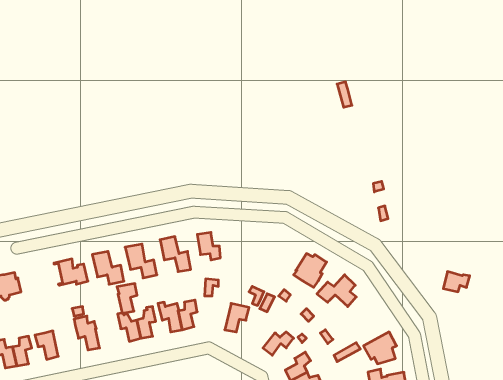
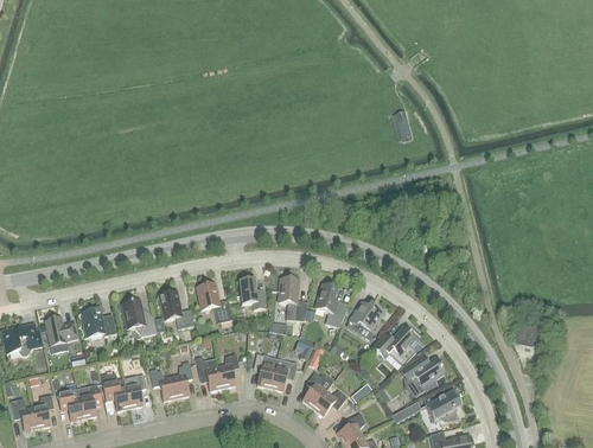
building: none -> [278,276,307,320]
building: none -> [314,282,349,326]
building: none -> [45,315,77,345]
building: [117,284,137,313] -> [123,373,146,407]
building: none -> [253,353,276,386]
building: none -> [401,354,446,395]
building: none -> [302,371,333,407]
building: none -> [77,383,101,416]

